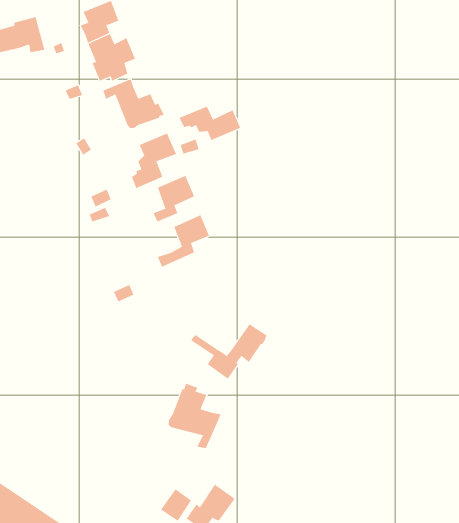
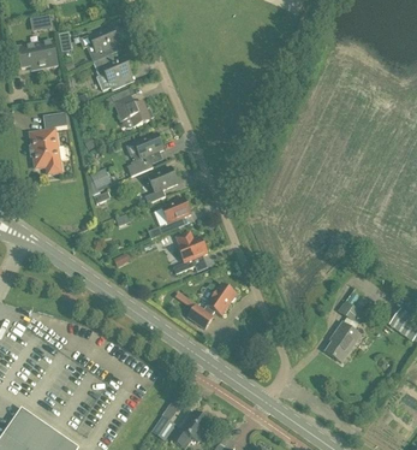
building: [179,106,241,141] -> none
building: none -> [30,112,66,173]
building: none -> [173,229,207,273]
building: none -> [326,300,361,361]
building: [168,383,222,449] -> none

